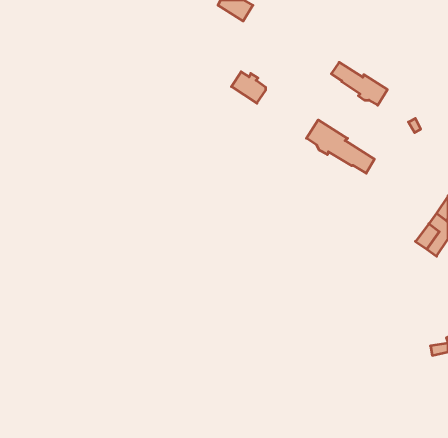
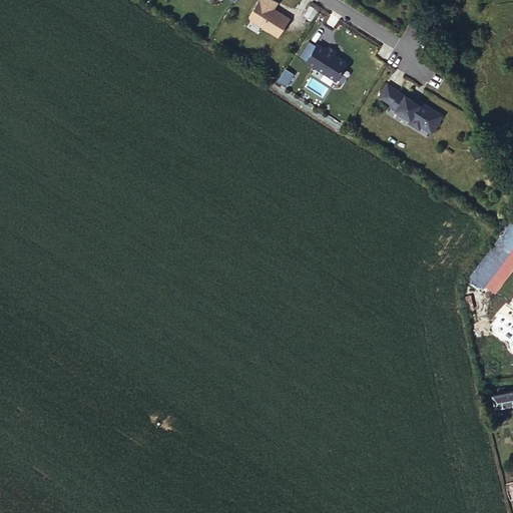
building: [231,72,266,103] -> [306,44,345,80]
building: [306,120,374,173] -> none

